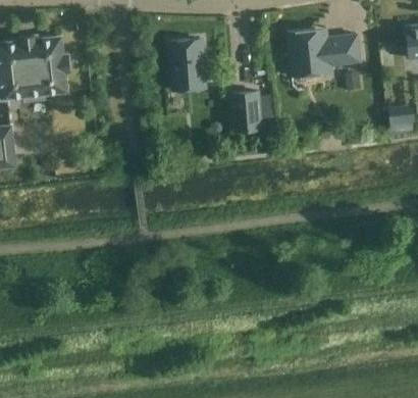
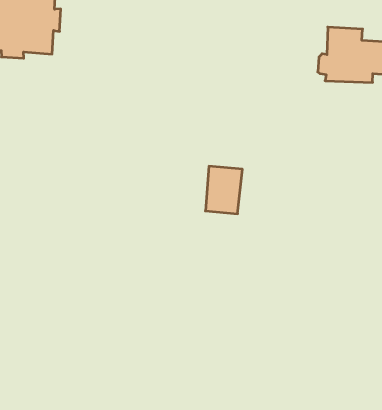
building: [169,40,206,90] -> none
building: [231,92,261,131] -> [205,166,242,214]

